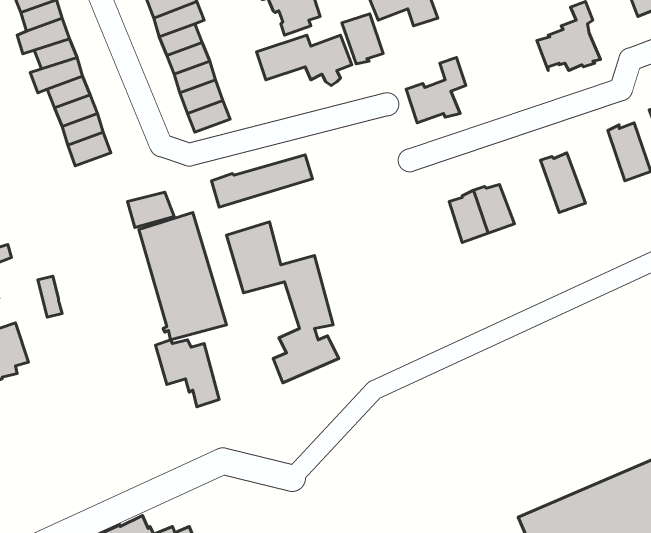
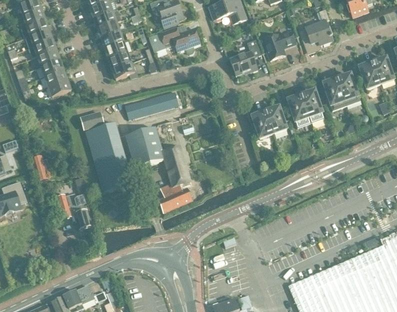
building: [342,14,383,64] -> none
building: none -> [263,31,296,59]
building: none -> [323,78,346,110]
building: none -> [288,94,311,127]
building: [156,340,219,407] -> [57,193,91,229]

